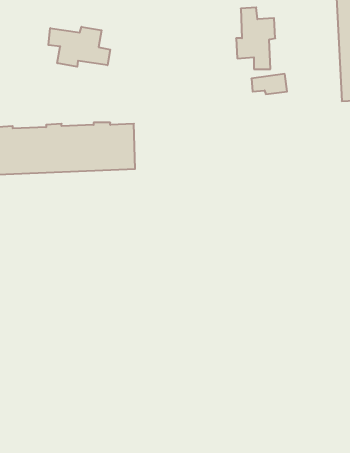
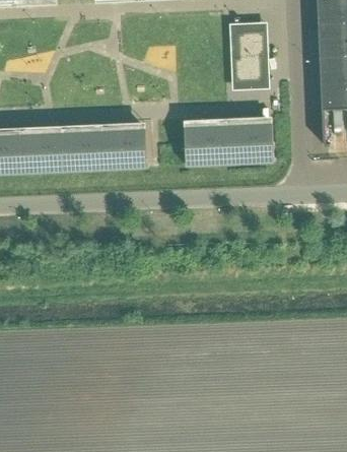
building: [48,27,110,67] -> none
building: none -> [184,121,273,165]

